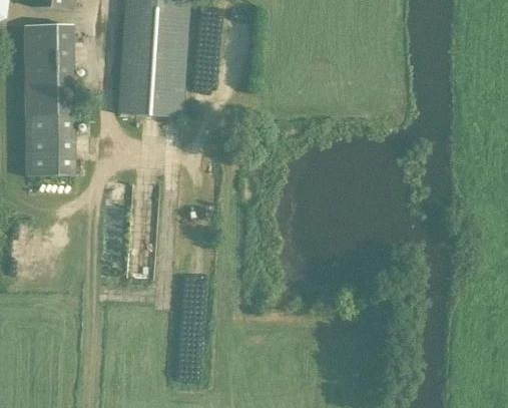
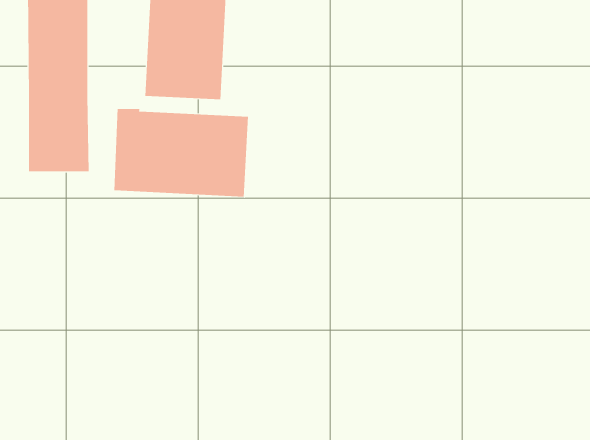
building: none -> [114,108,248,197]

